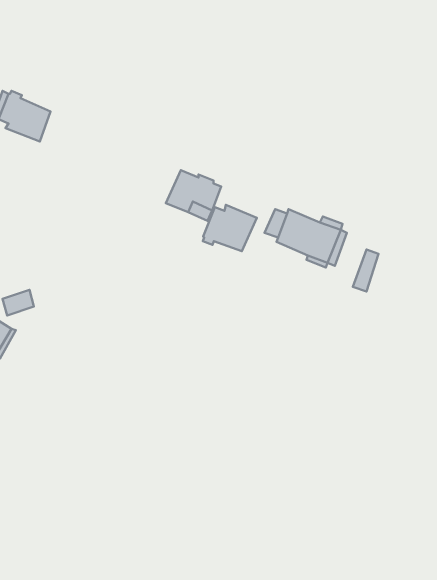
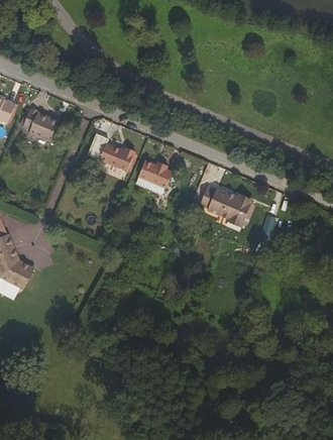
building: none -> [98,142,133,171]
building: [203,205,257,251] -> none

